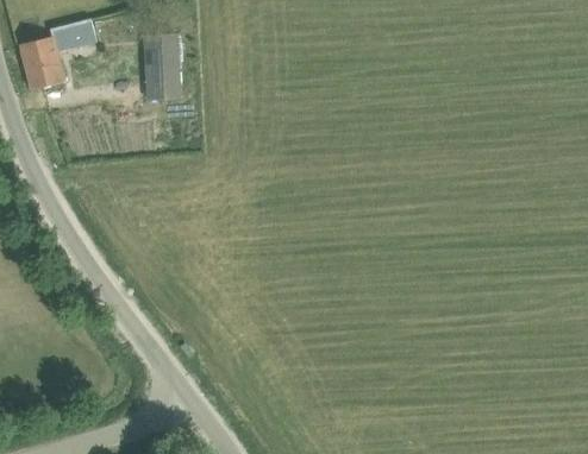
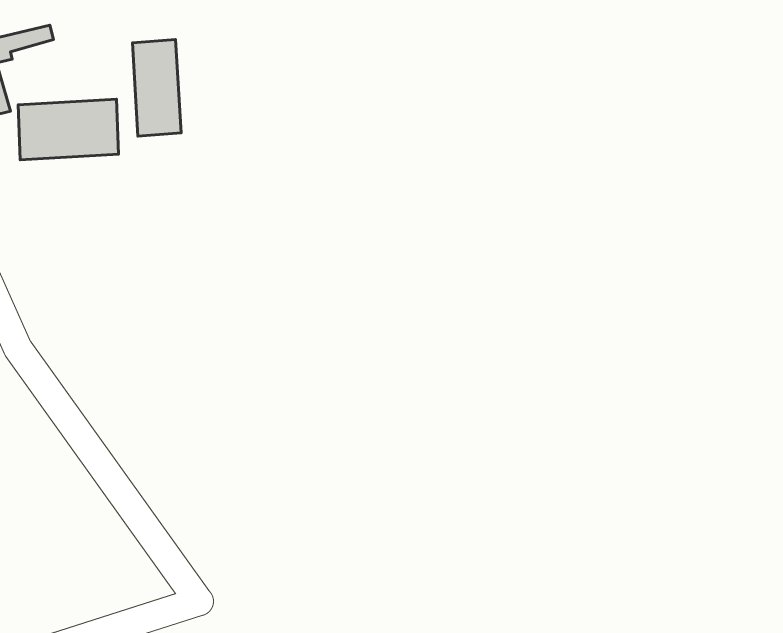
building: none -> [18,99,119,160]

